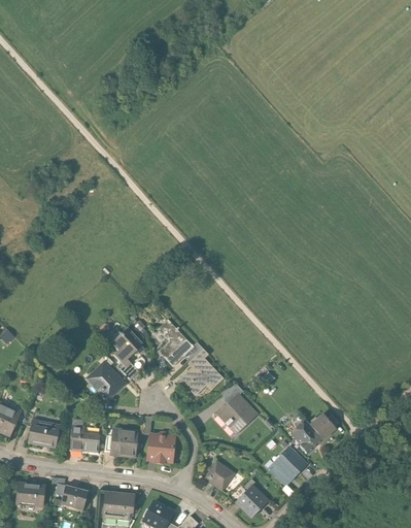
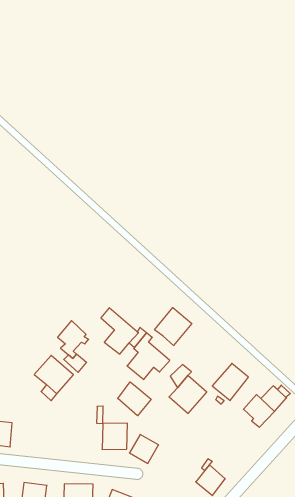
building: none -> [155,308,192,345]
building: none -> [118,382,151,416]
building: [69,425,100,453] -> none
building: [110,427,137,456] -> none
building: [269,448,306,485] -> [212,363,248,401]
building: [205,460,235,490] -> [129,434,159,463]

